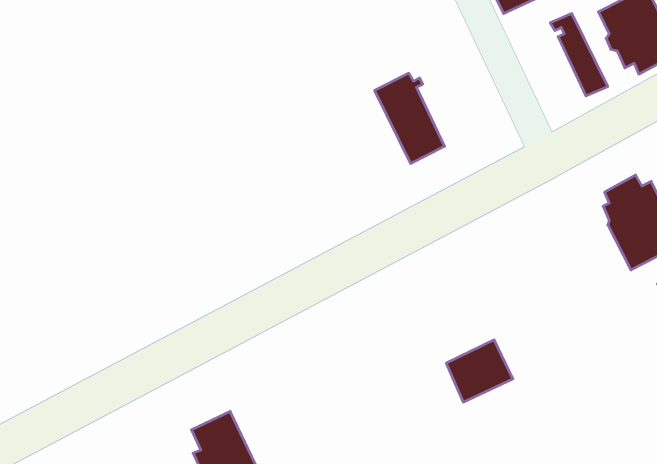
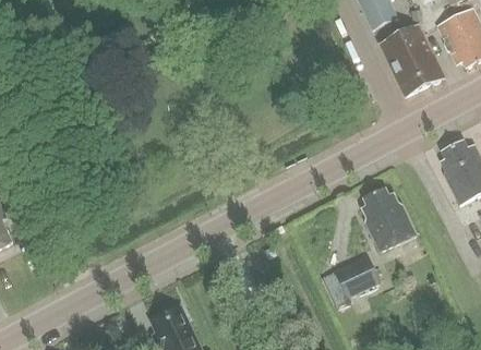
building: [375,73,445,163] -> [378,31,428,94]
building: none -> [361,188,414,250]

